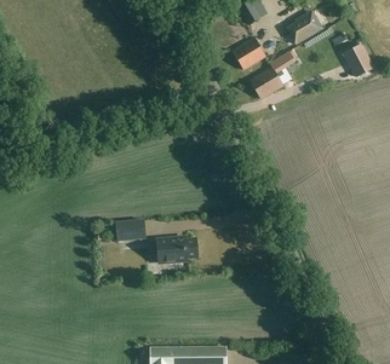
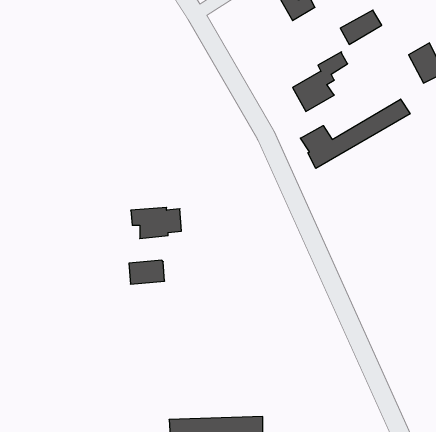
building: [231,36,266,69] -> none
building: none -> [300,99,410,168]
building: [156,236,197,261] -> [131,207,181,239]

